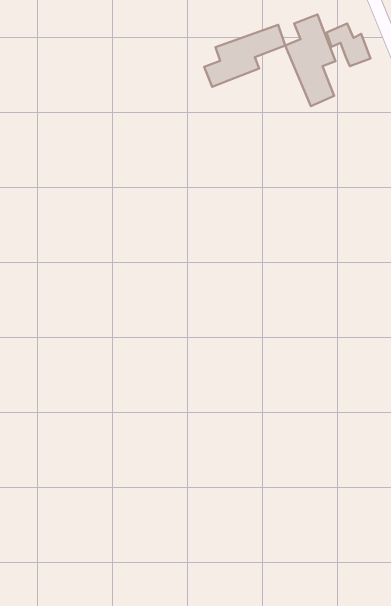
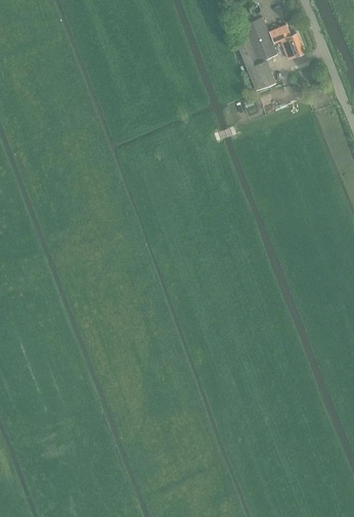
building: [204,25,285,87] -> none

